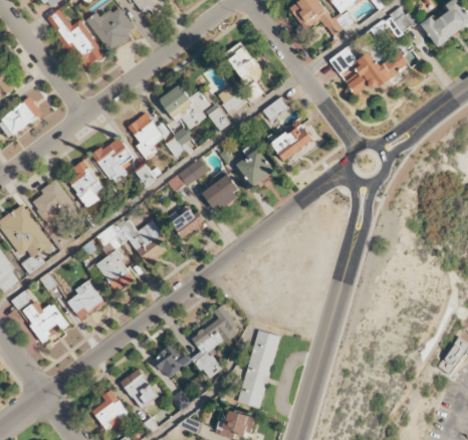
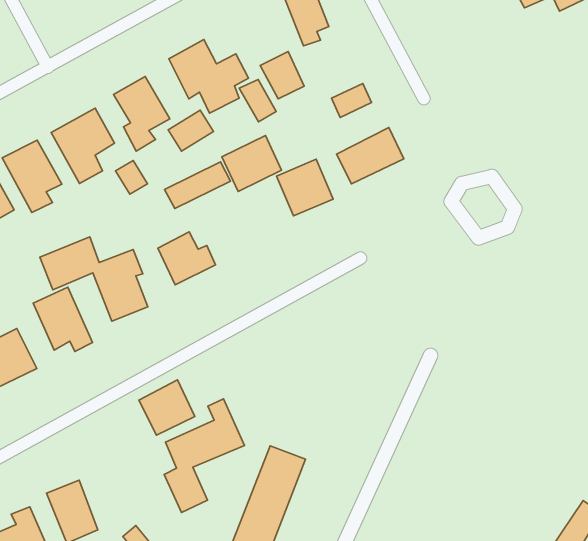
building: [328,46,409,98] -> none
building: [201,174,239,211] -> [222,136,282,192]
building: [152,342,188,378] -> [139,380,195,435]

